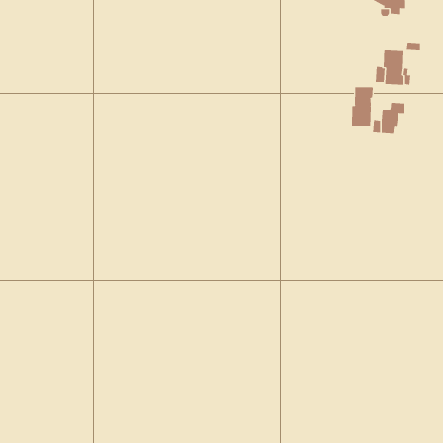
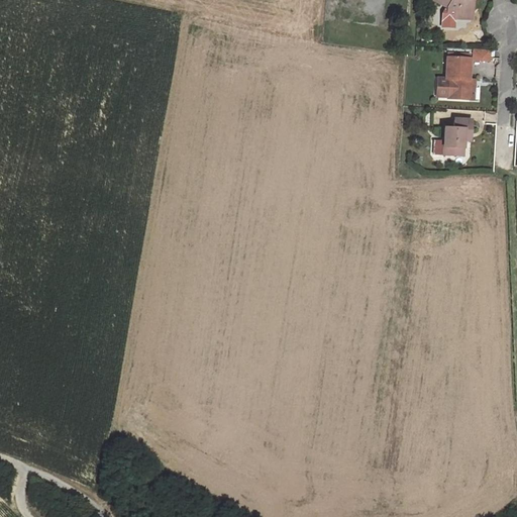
building: [351,86,374,128] -> none

